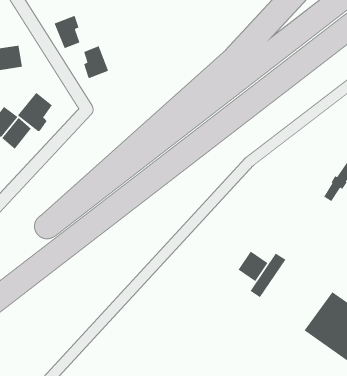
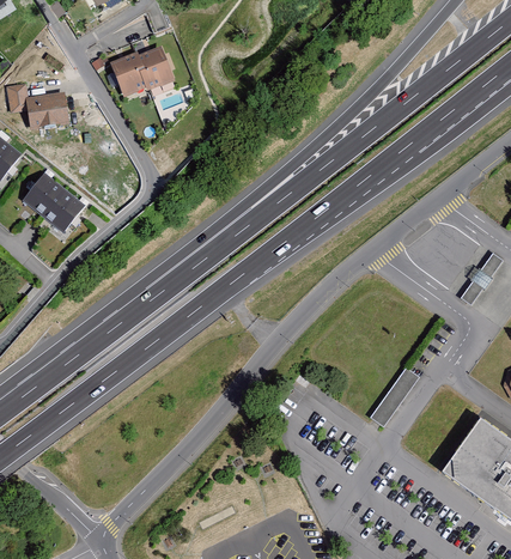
building: [83,45,109,79] -> [139,45,174,91]
building: [17,92,53,132] -> none
building: [237,250,269,282] -> none

